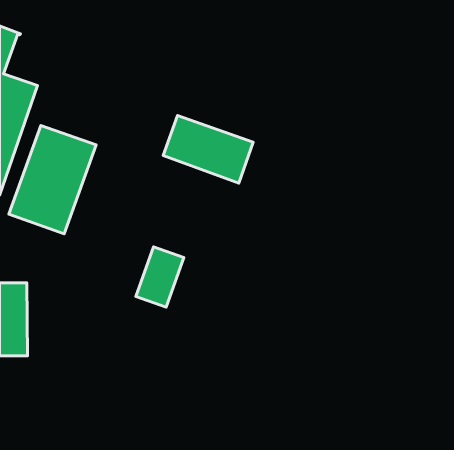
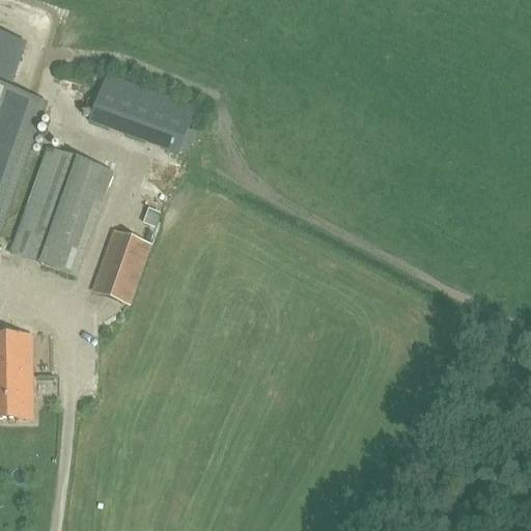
building: [163,116,253,183] -> [90,72,195,150]
building: [136,247,184,307] -> [93,230,149,301]

